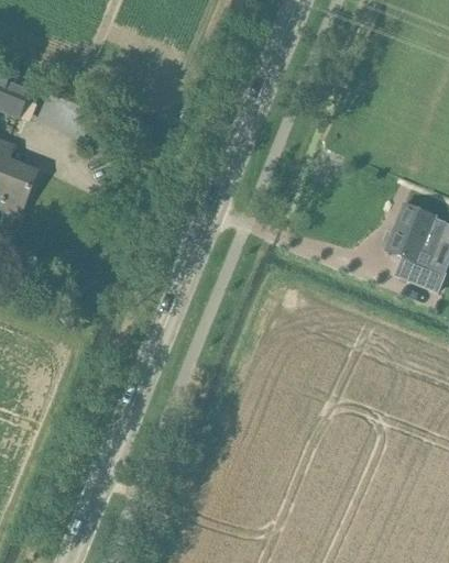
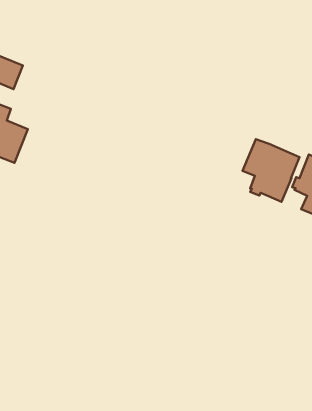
building: none -> [243,139,300,202]

